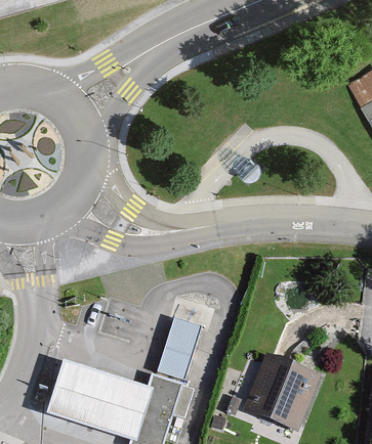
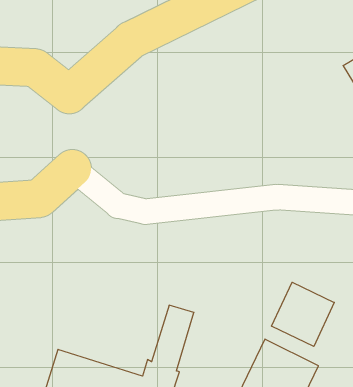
building: none -> [272,282,334,346]

